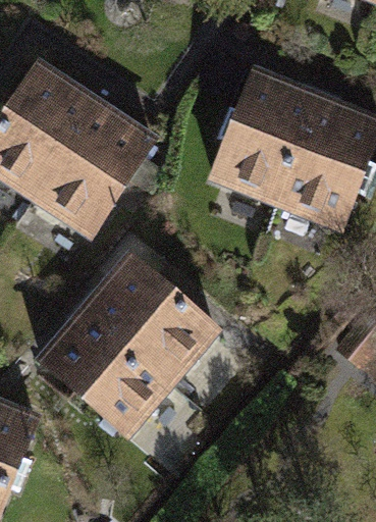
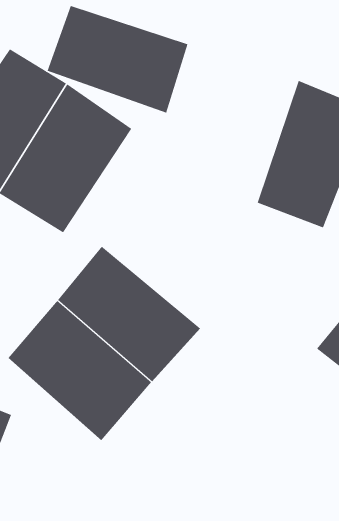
building: none -> [47,5,188,113]
building: [210,62,316,208] -> none

